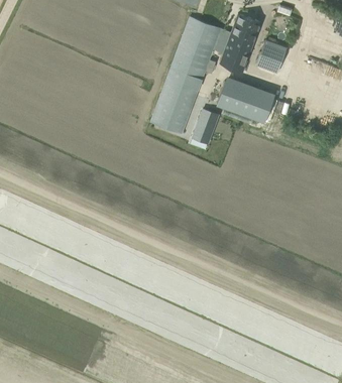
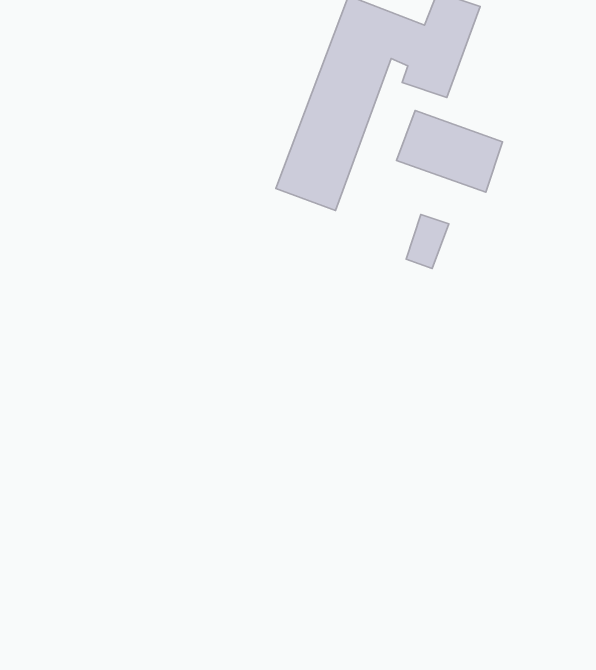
building: [256,40,287,73] -> none
building: [195,110,218,139] -> [406,215,449,268]

